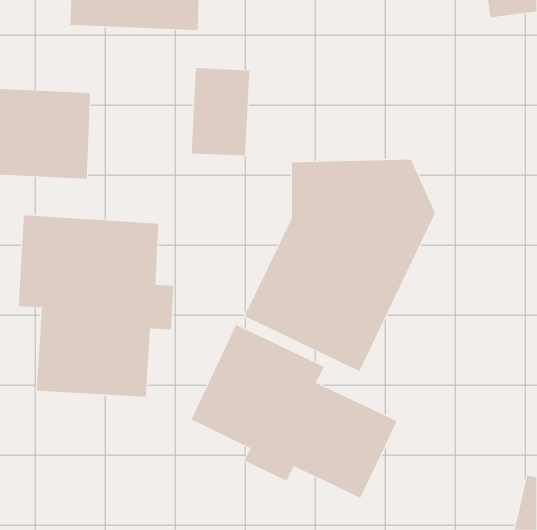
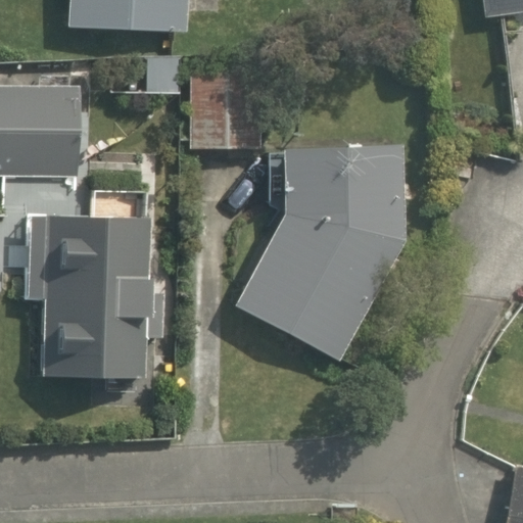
building: [191,324,397,498] -> none

